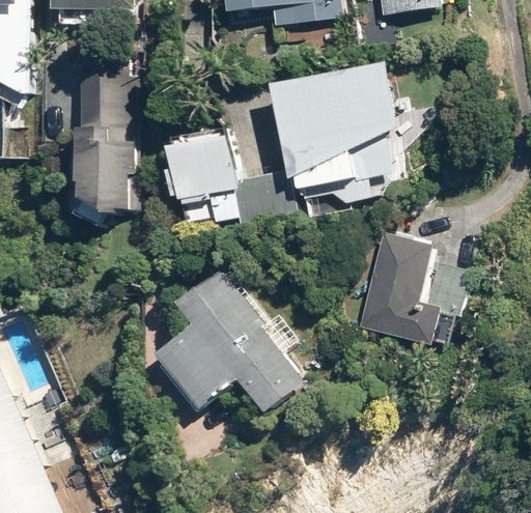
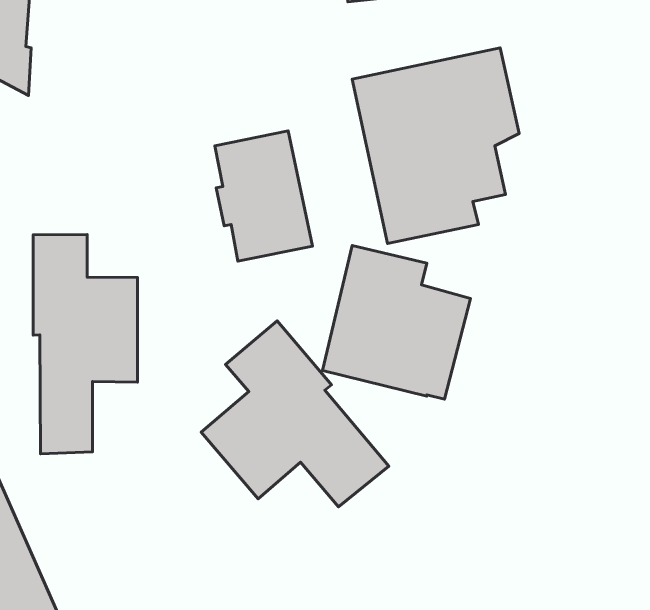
building: [77,48,132,215] -> none
building: none -> [33,234,138,454]
building: [355,230,468,347] -> [322,246,470,399]

